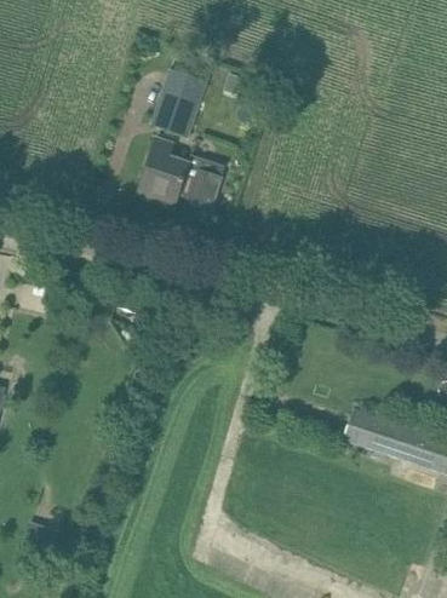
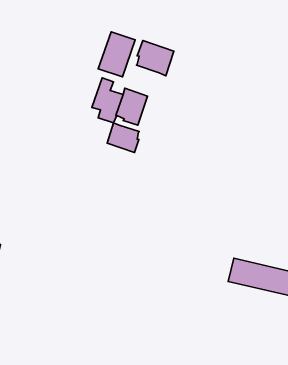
building: none -> [137,40,174,76]
building: none -> [107,123,139,152]

